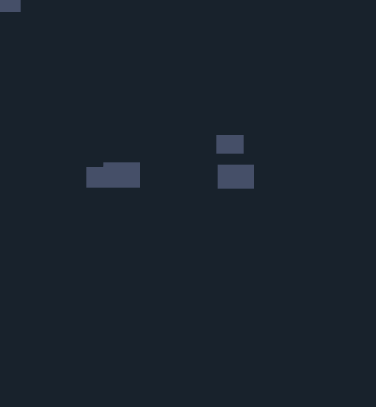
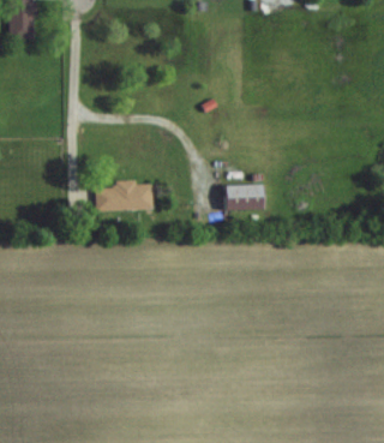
building: [215,134,244,155] -> none

